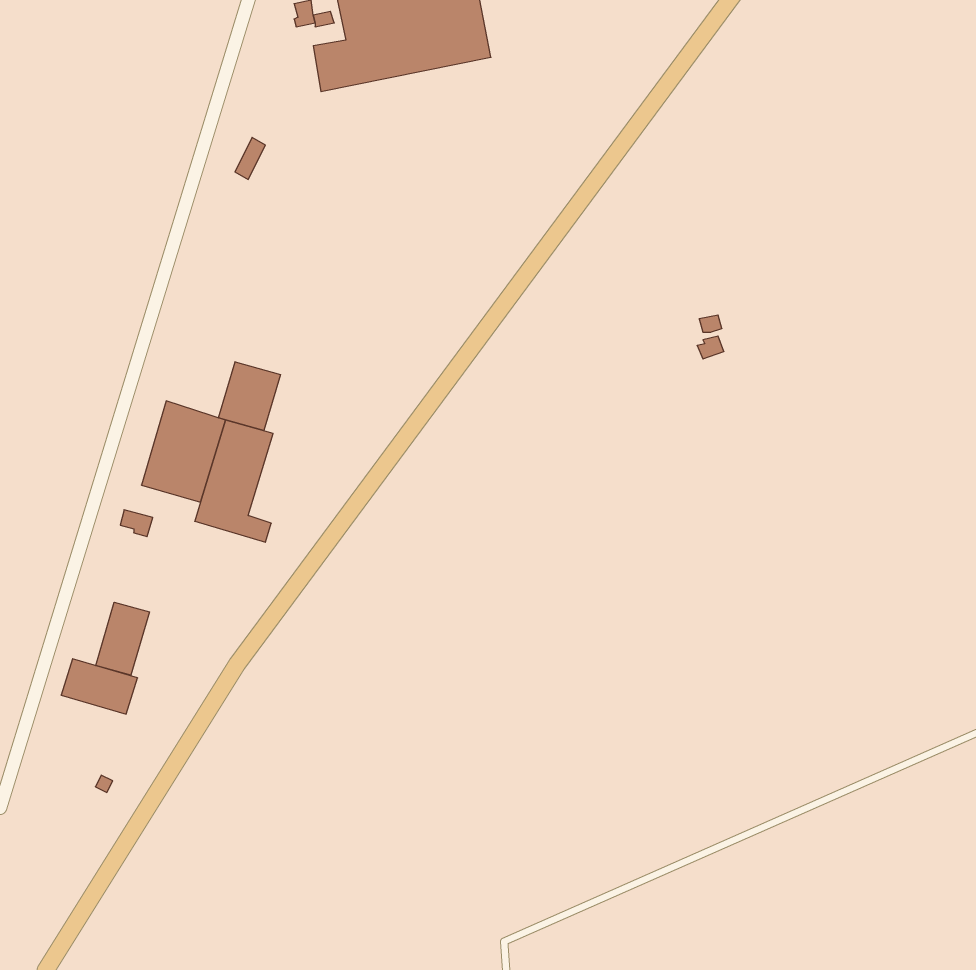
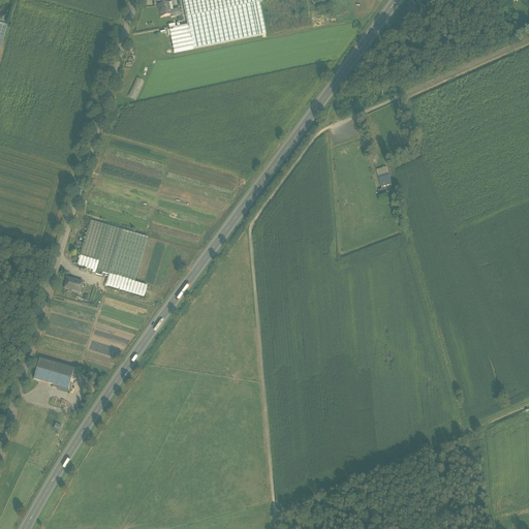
building: [218,362,280,431] -> none
building: [96,602,150,675] -> none

